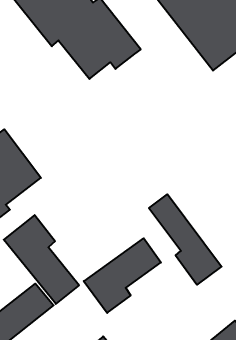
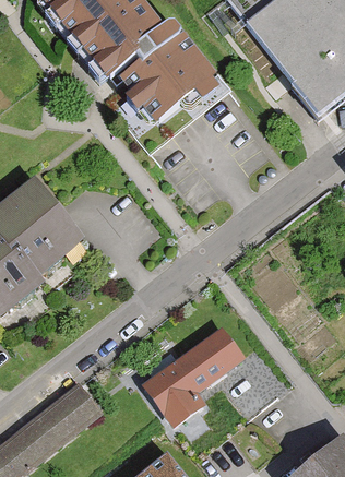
building: [149,194,222,285] -> none
building: [4,215,79,304] -> none

